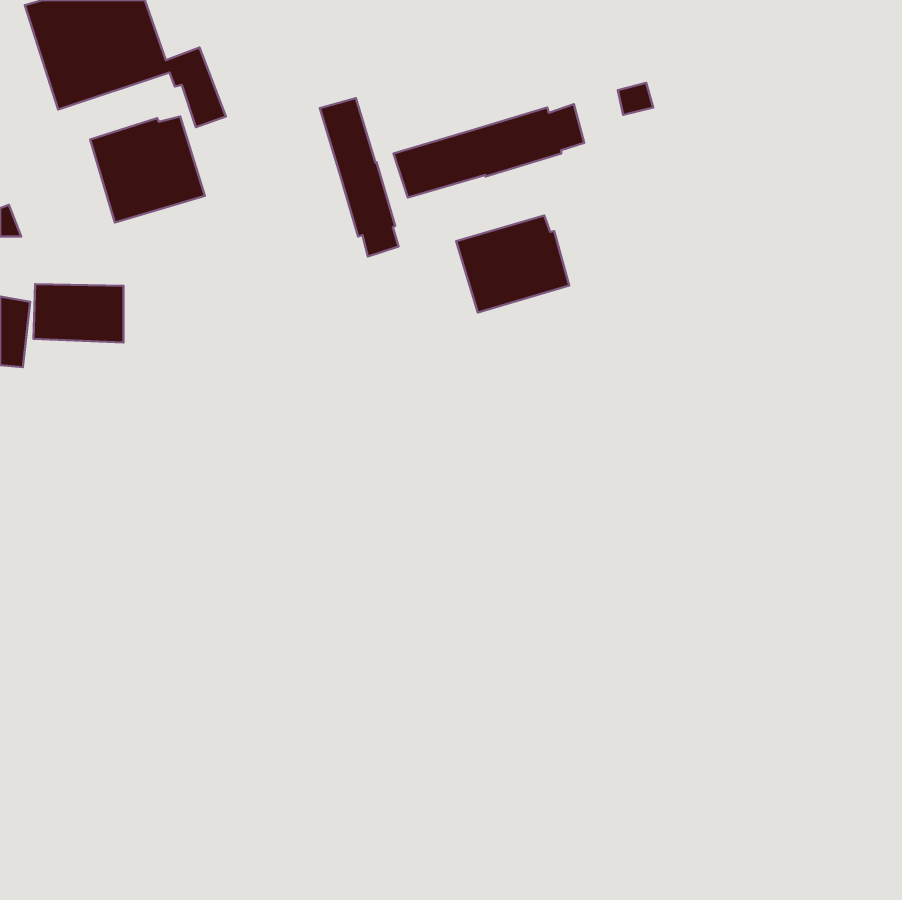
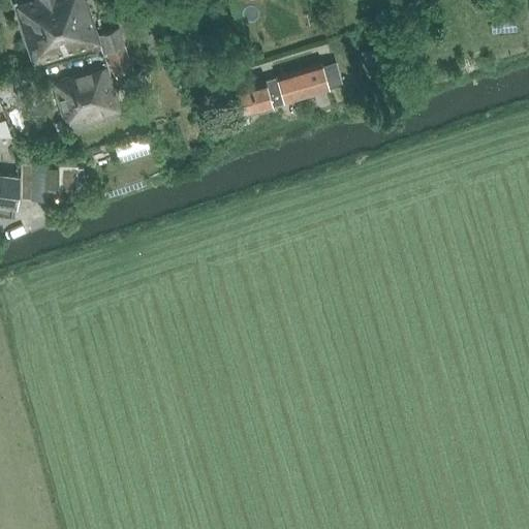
building: [320,98,399,257] -> none
building: [456,216,569,313] -> none

